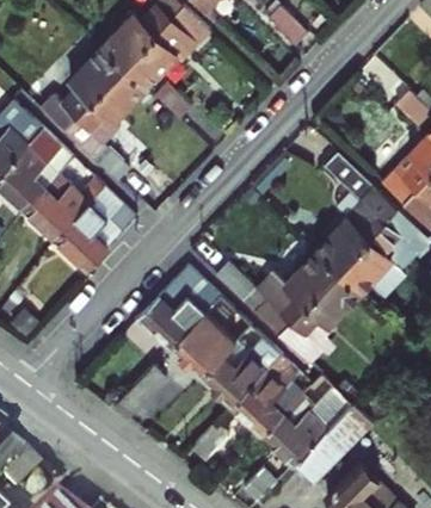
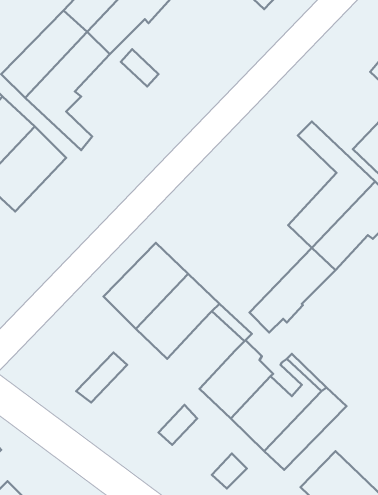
building: [56,185,140,268] -> none
building: [223,249,340,333] -> none
building: [202,340,267,405] -> none

